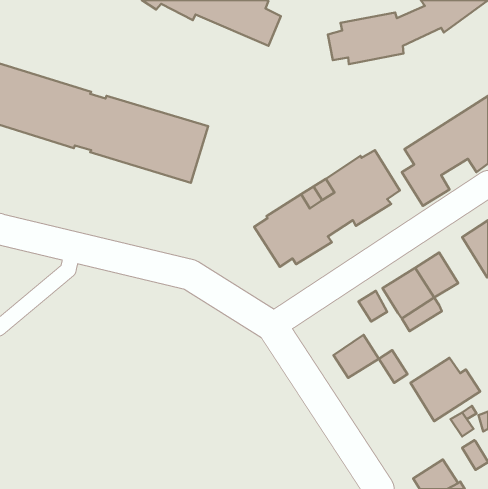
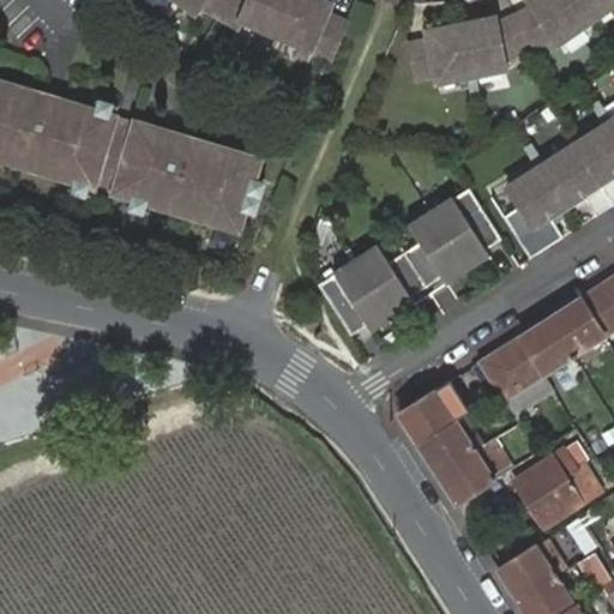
building: none -> [549,297,602,355]
building: none -> [397,390,455,445]
building: none -> [435,450,493,504]
building: none -> [496,546,554,600]

